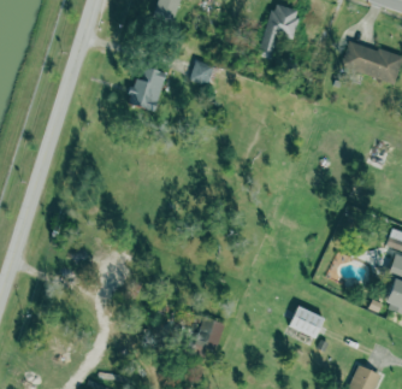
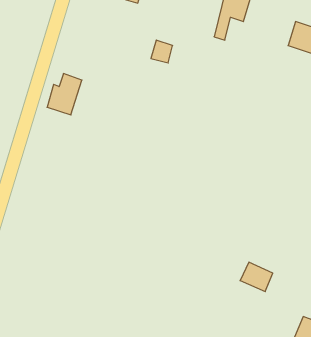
building: [129,66,167,112] -> [47,74,82,115]
building: [195,317,225,352] -> none

